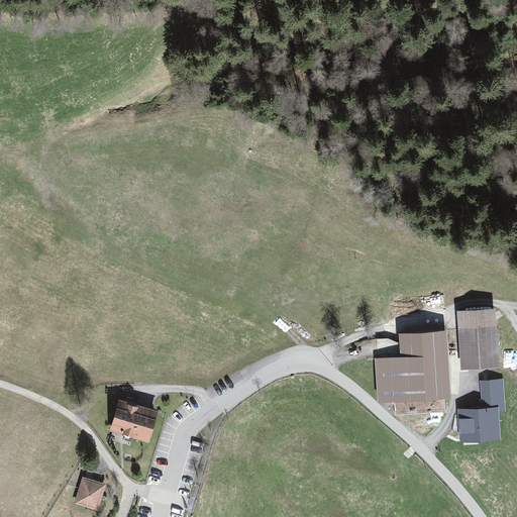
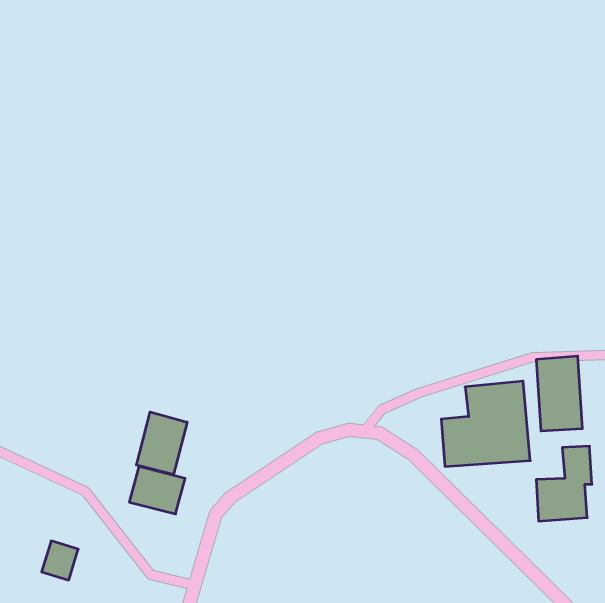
building: none -> [136,412,187,474]
building: [74,479,105,512] -> [42,541,78,580]

